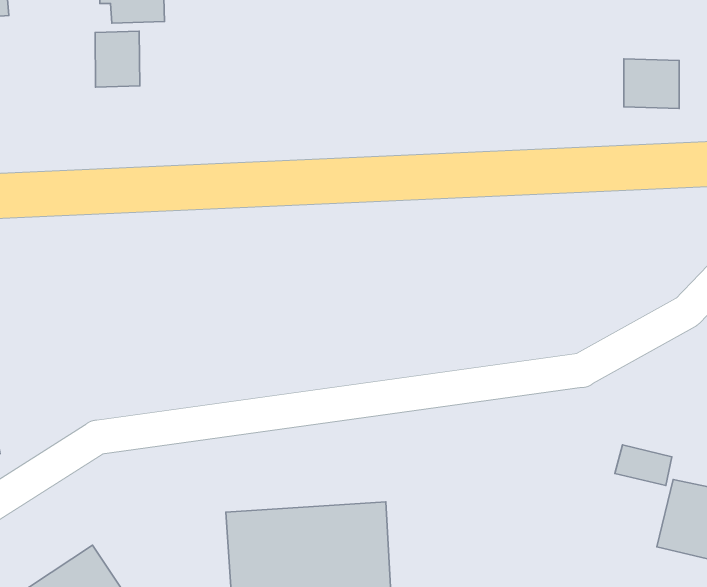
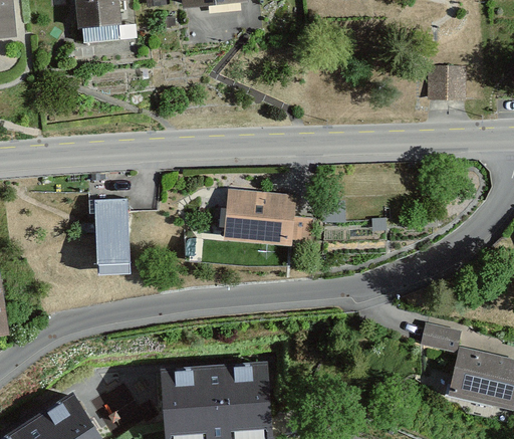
building: [95,31,140,87] -> none
building: none -> [225,191,312,244]
building: none -> [96,201,127,273]

